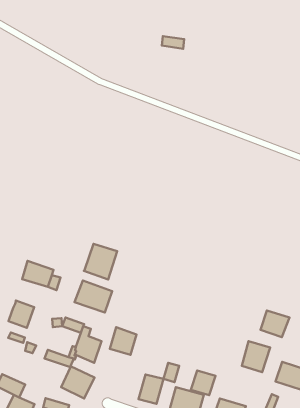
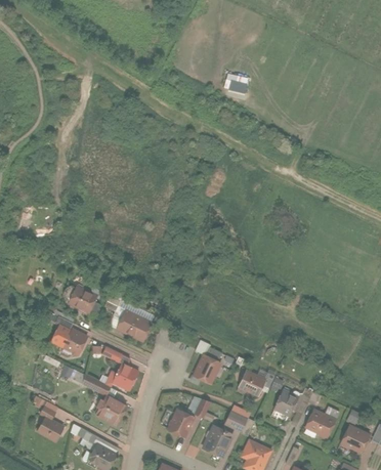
building: [84,244,117,279] -> none
building: none -> [66,330,90,357]
building: [260,310,289,337] -> [239,370,268,397]
building: [110,327,137,355] -> [194,354,221,383]

